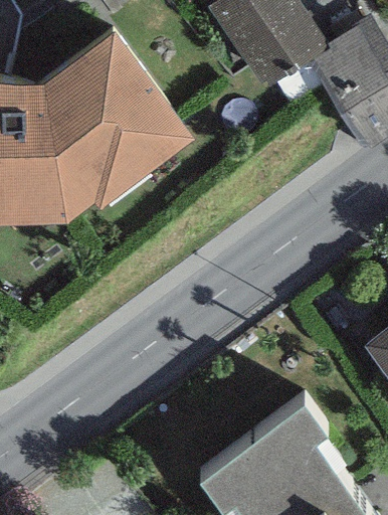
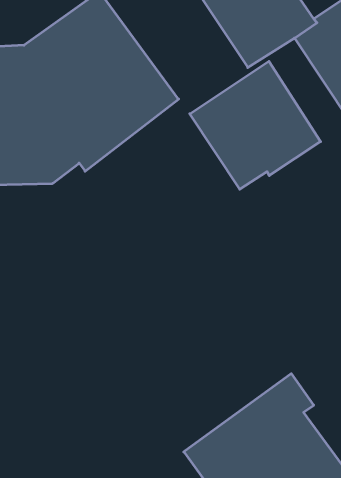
building: none -> [190,61,321,189]

